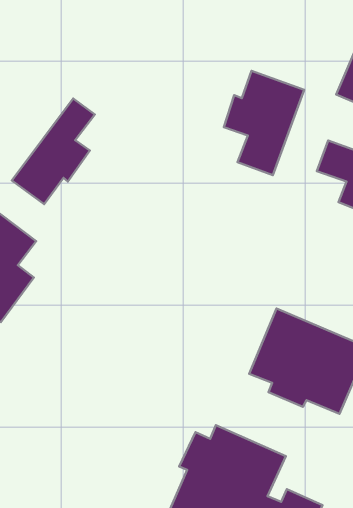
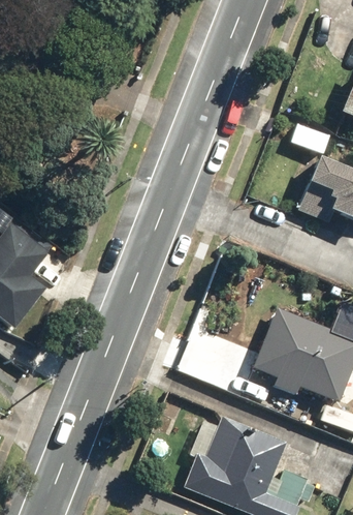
building: [224,71,304,175] -> none
building: [12,98,95,204] -> none

